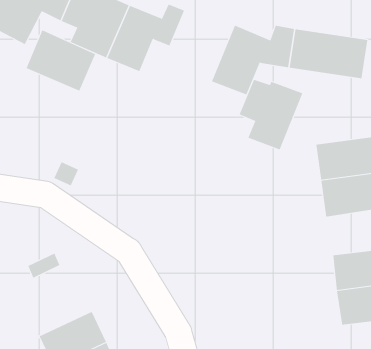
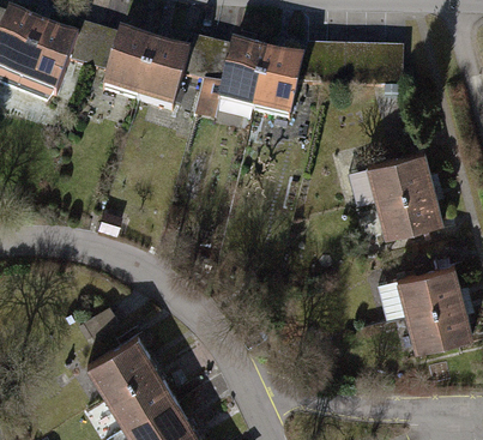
building: [26,30,96,91] -> none
building: [239,79,303,150] -> [203,44,266,114]
building: none -> [85,334,156,397]

